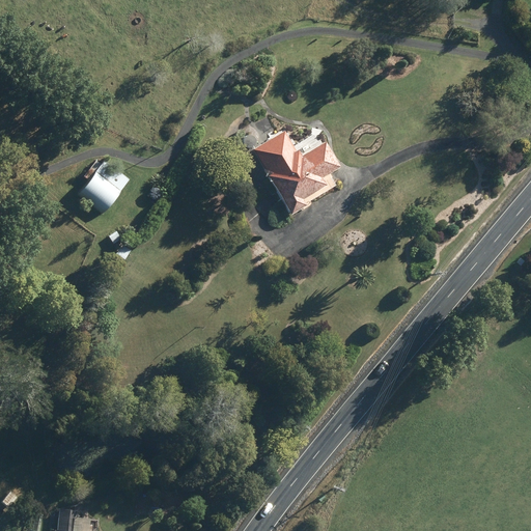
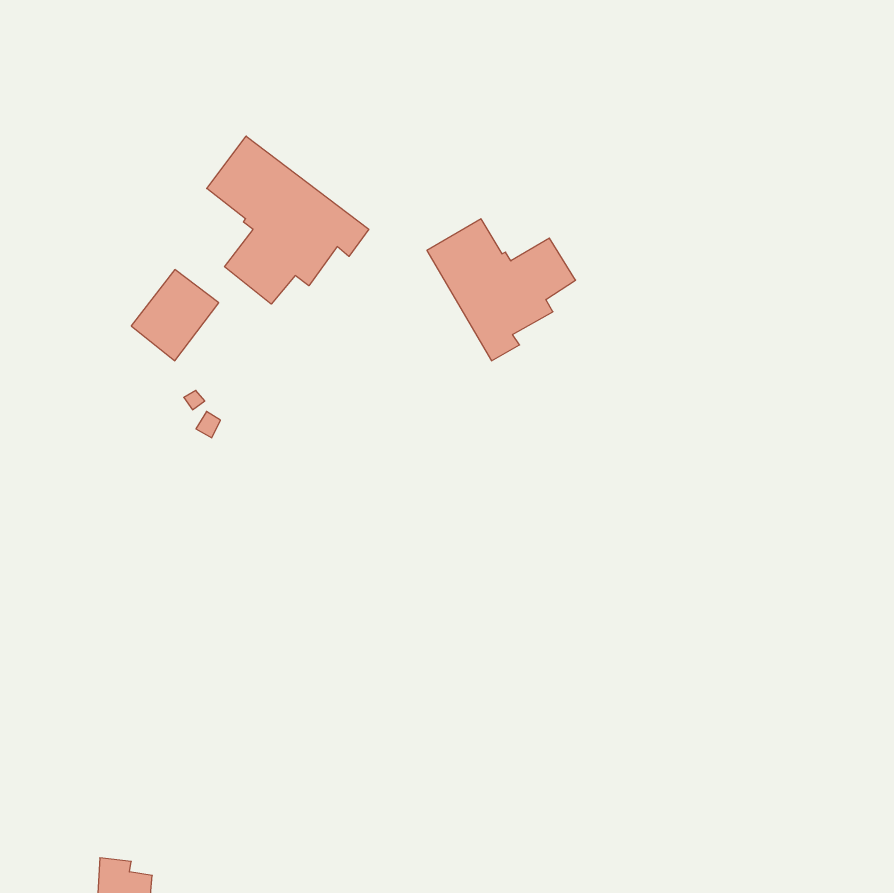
building: none -> [207,136,369,304]

